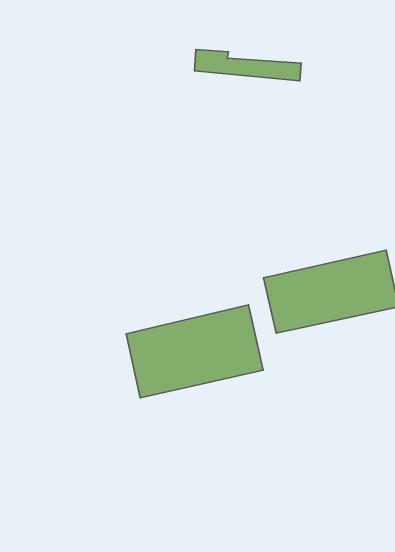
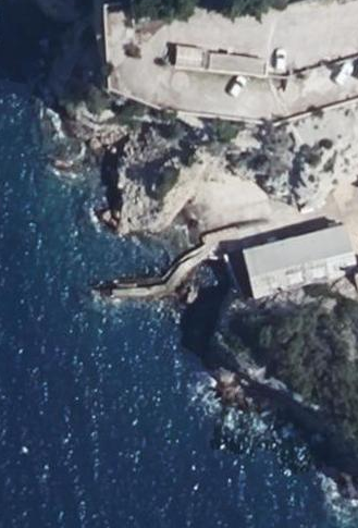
building: [126,305,263,398] -> none

